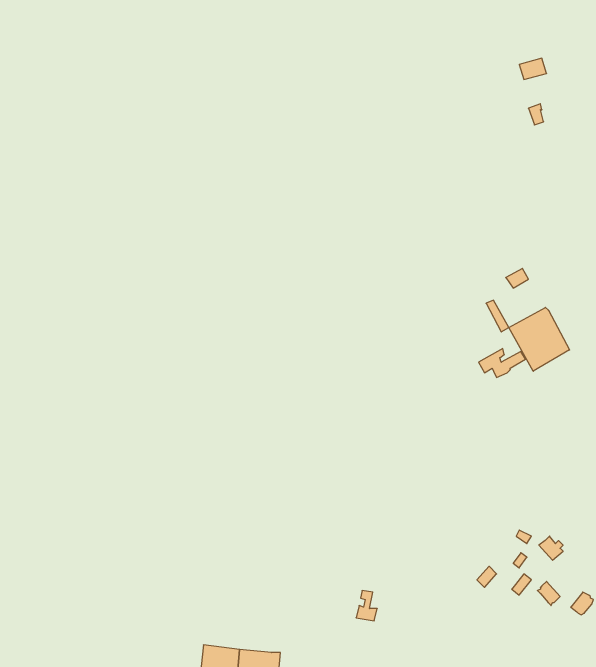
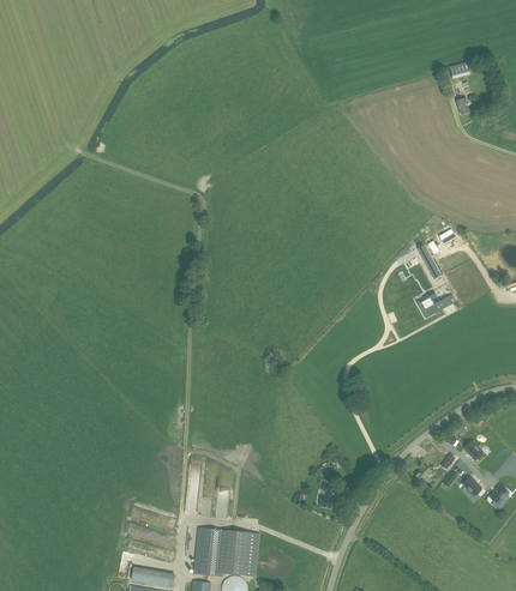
building: [509,307,570,371] -> none

